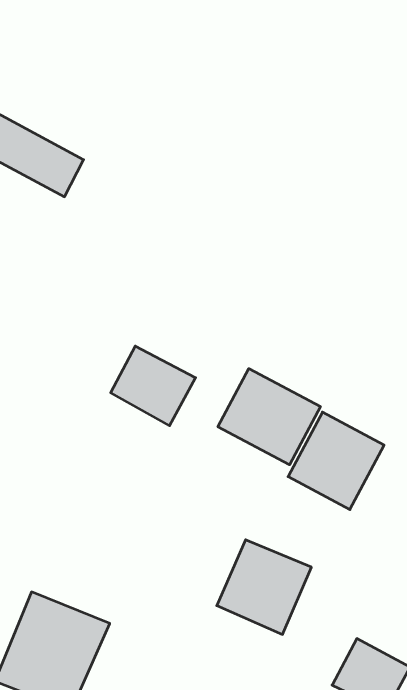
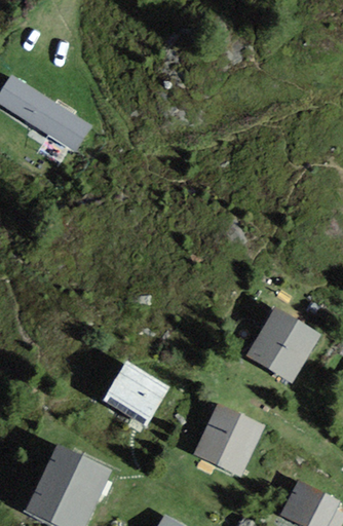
building: [111,346,196,426] -> [104,362,167,421]
building: [218,369,320,465] -> none

